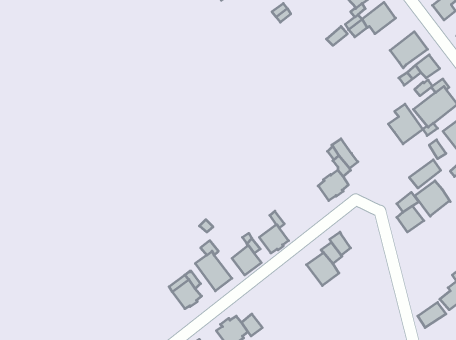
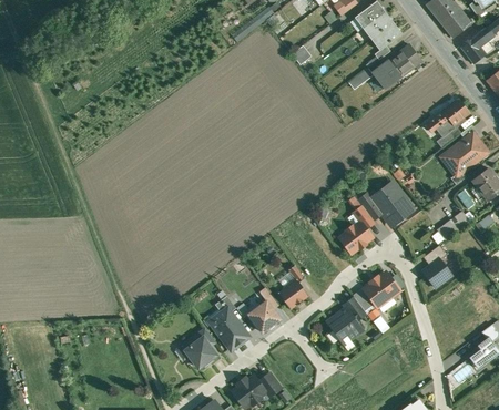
building: [390,32,428,68] -> none
building: [388,104,423,144] -> [375,182,411,224]
building: [415,181,450,216] -> none
building: none -> [364,271,396,306]

